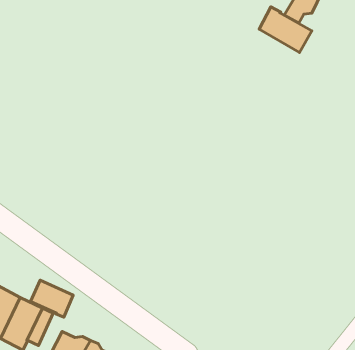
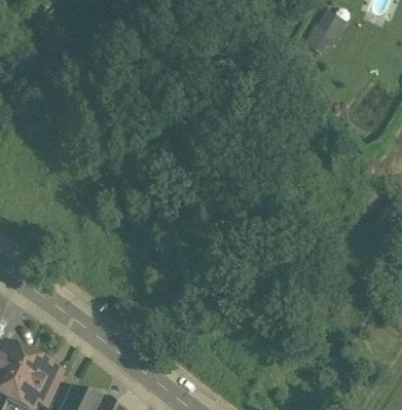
building: [259,7,312,52] -> none
building: [30,280,73,317] -> none

